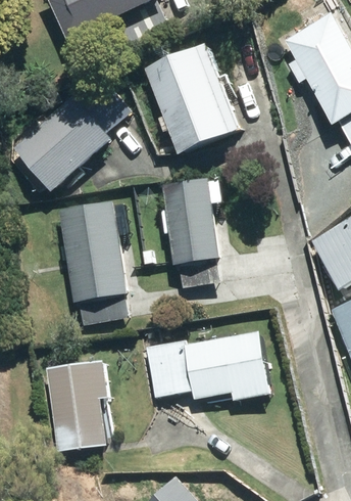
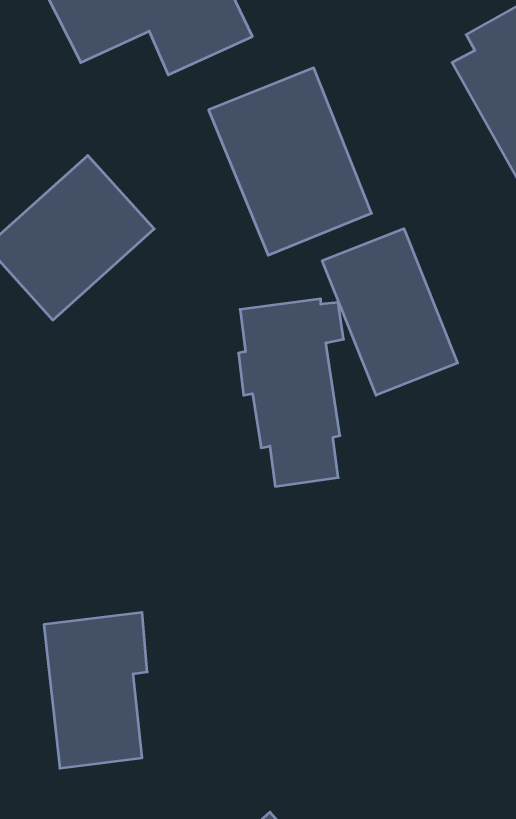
building: none -> [322,229,458,395]
building: [59,200,129,324] -> none
building: [145,332,268,400] -> none

